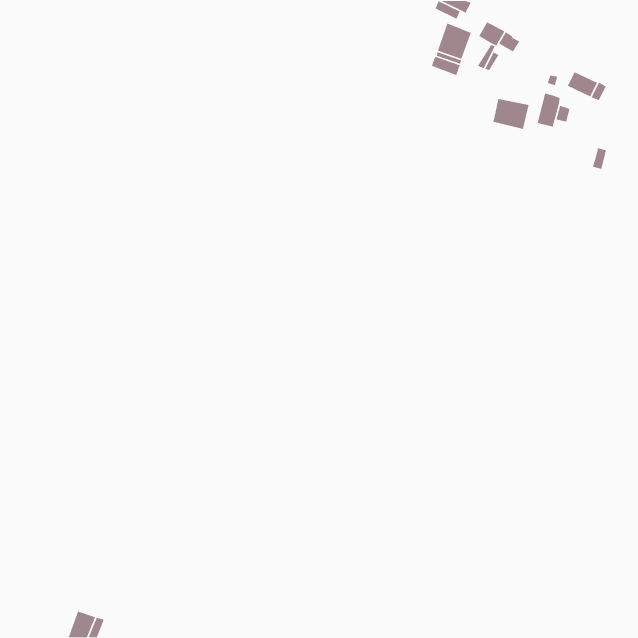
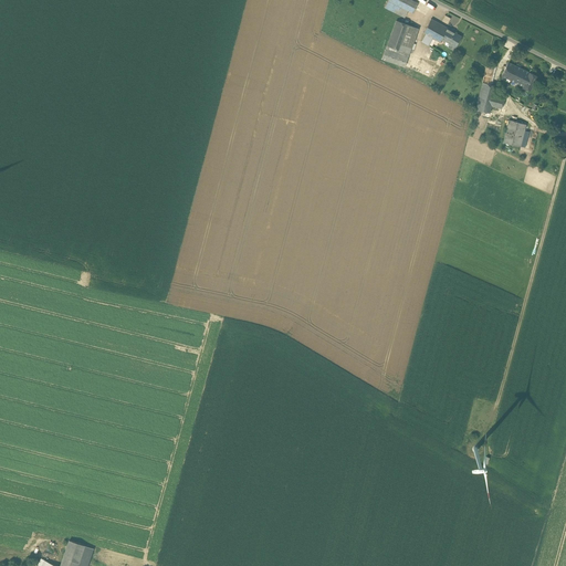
building: [493,98,530,130] -> none
building: none -> [503,119,526,147]

